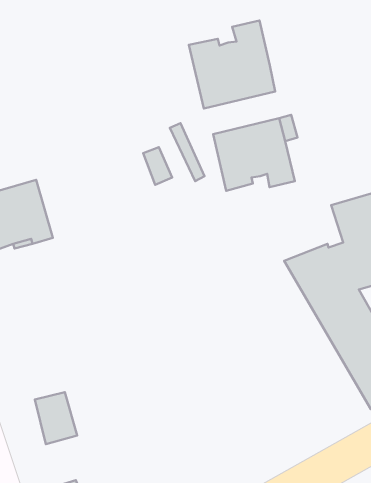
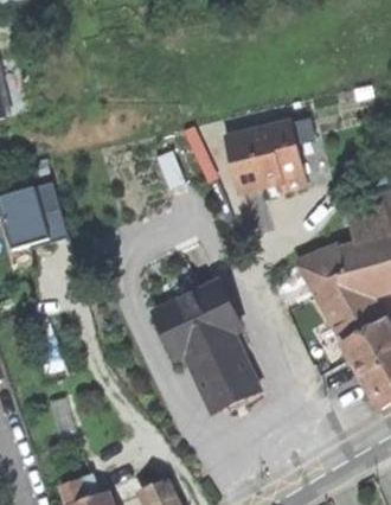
building: [189,21,275,108] -> none
building: none -> [155,281,258,413]

